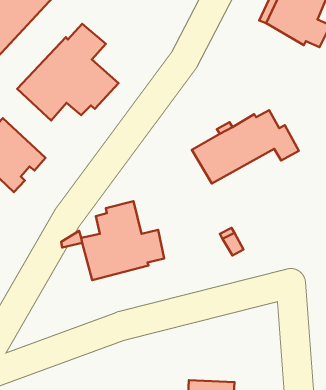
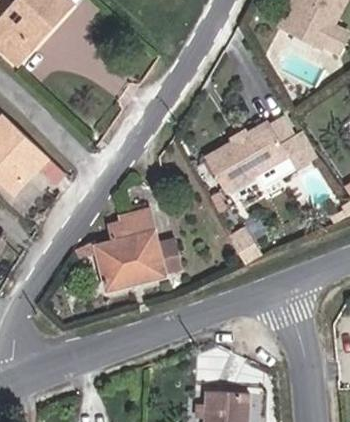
building: [17,24,118,120] -> none

